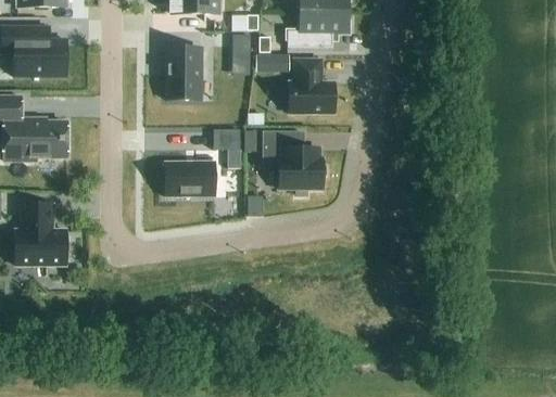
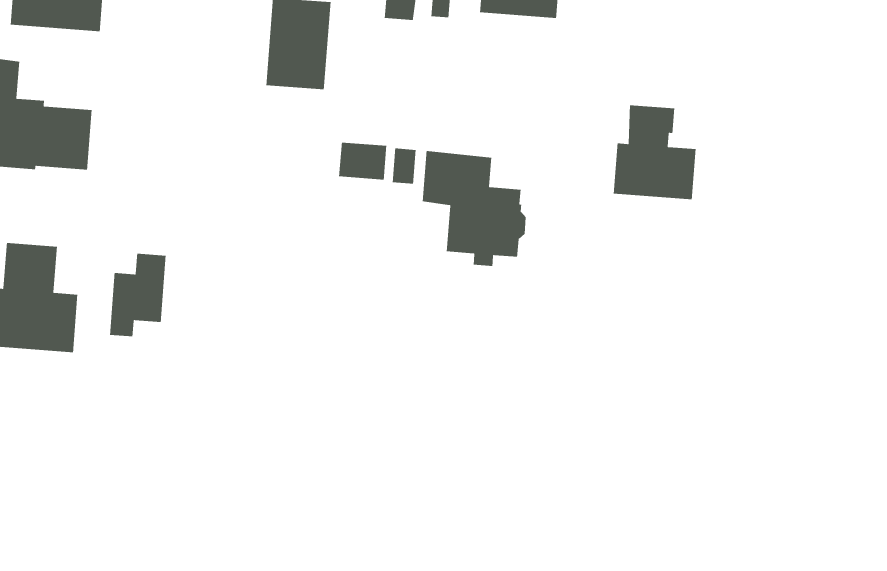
building: [256,54,290,72] -> none
building: [291,59,338,112] -> [613,104,696,200]
building: [165,162,215,196] -> none
building: none -> [109,253,167,337]

